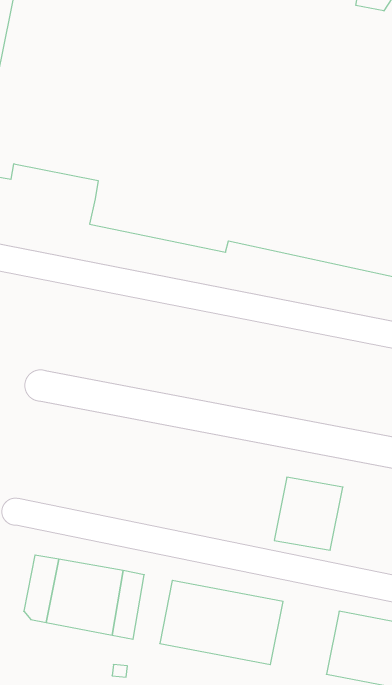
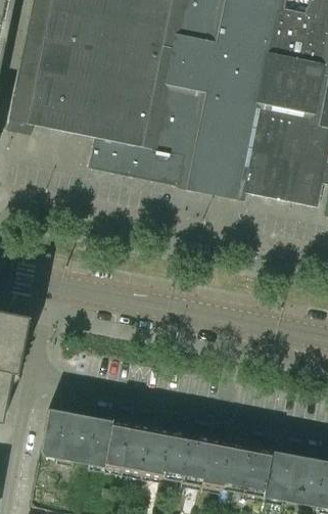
building: [274,477,343,550] -> [216,441,266,495]
building: none -> [115,422,144,472]

